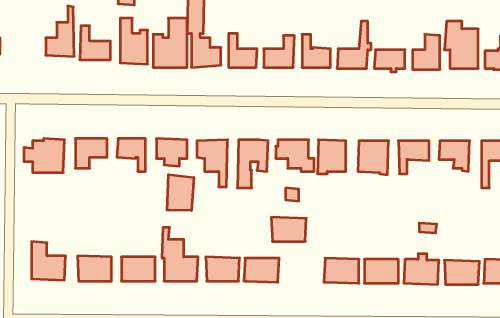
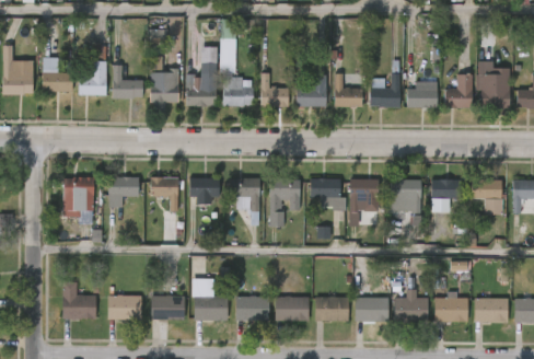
building: none -> [42,72,72,91]
building: [167,175,194,211] -> none
building: [271,217,306,241] -> [317,297,352,321]

